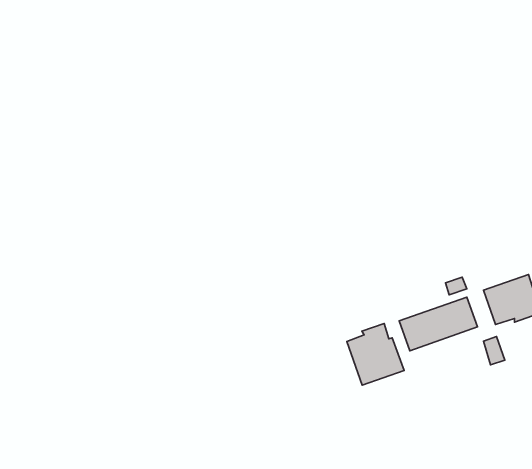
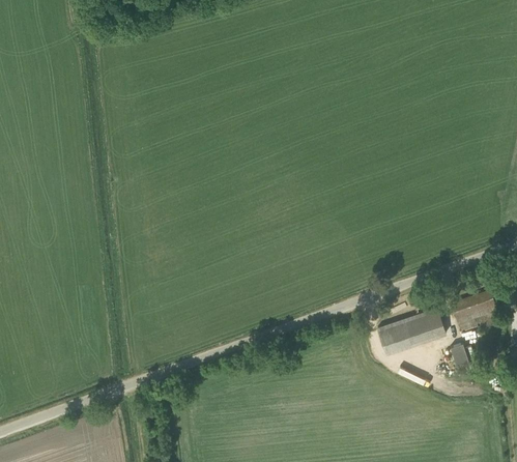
building: [347,323,404,385] -> none

